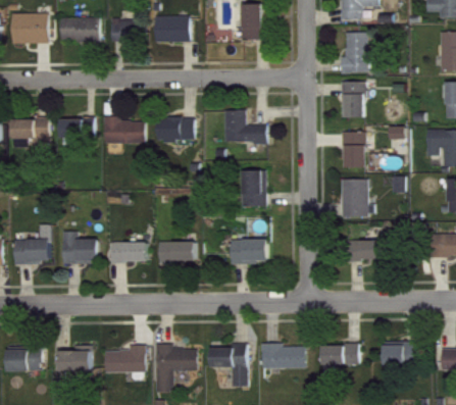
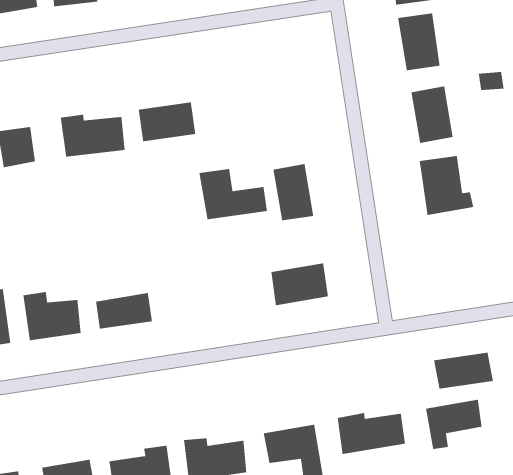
building: [223,110,266,143] -> [199,168,268,220]
building: [346,241,385,261] -> [433,352,494,389]
building: [158,242,195,263] -> none

